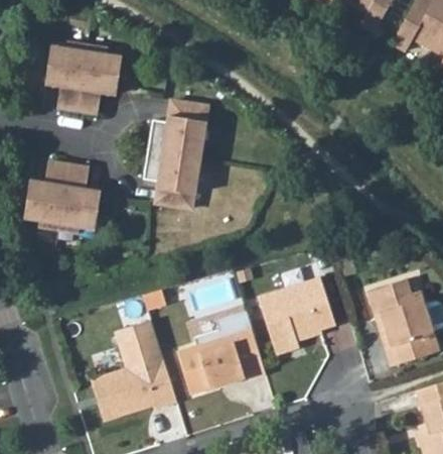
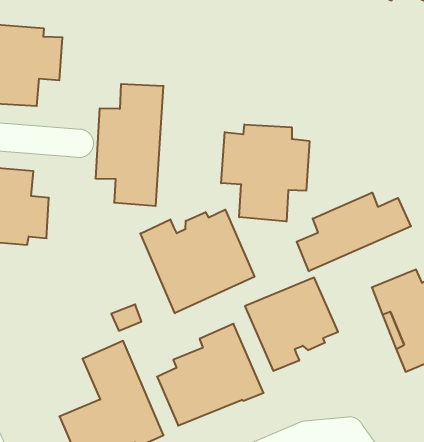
building: none -> [221,124,309,222]
building: none -> [297,193,411,271]
building: none -> [140,210,254,313]

